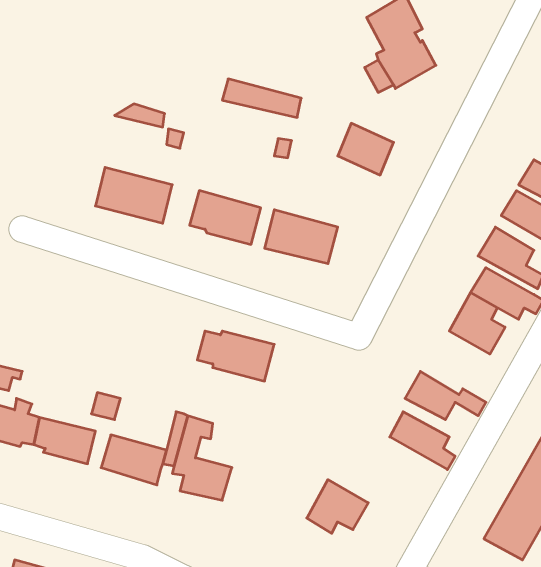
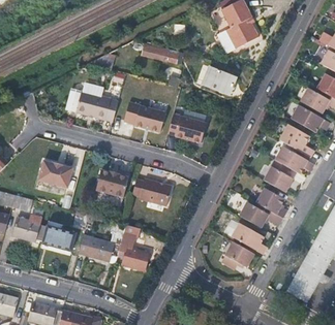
building: none -> [38,161,71,188]
building: none -> [94,171,126,197]
building: none -> [258,187,290,218]
building: [307,480,368,533] -> [223,240,256,269]

